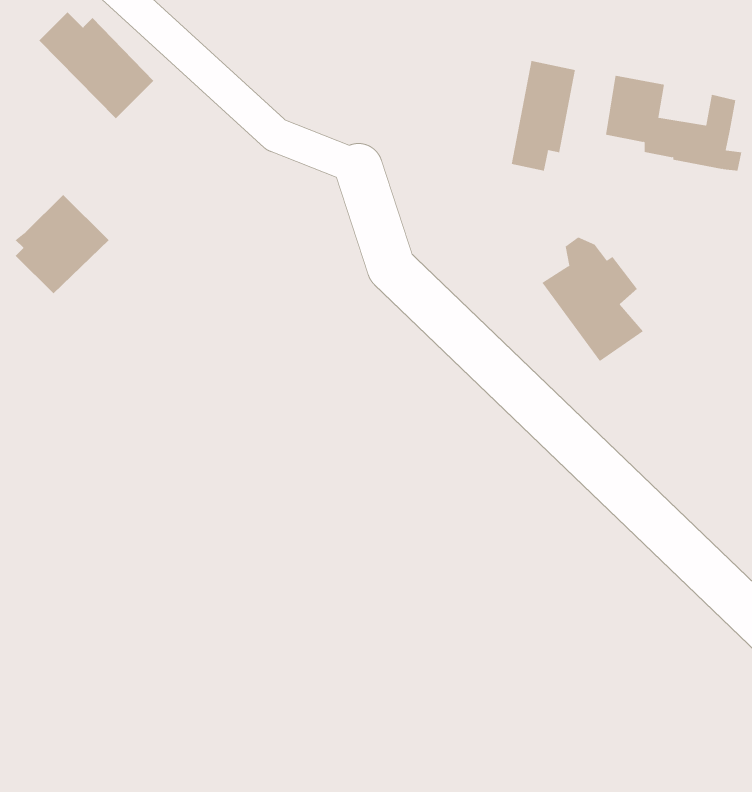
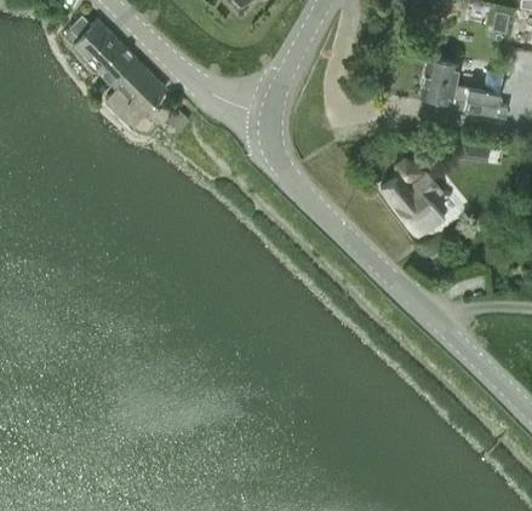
building: [511,60,575,171] -> none
building: [15,194,109,294] -> [108,62,167,125]

